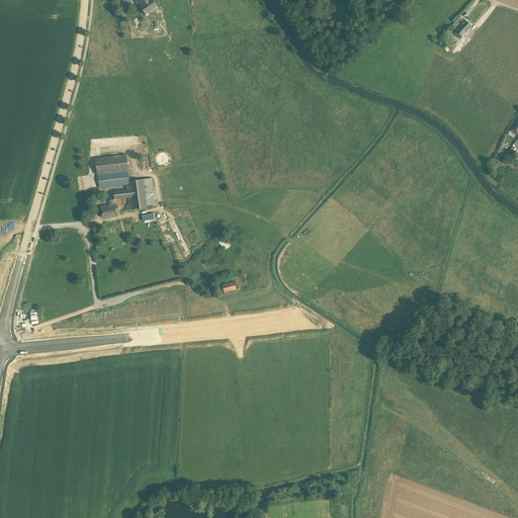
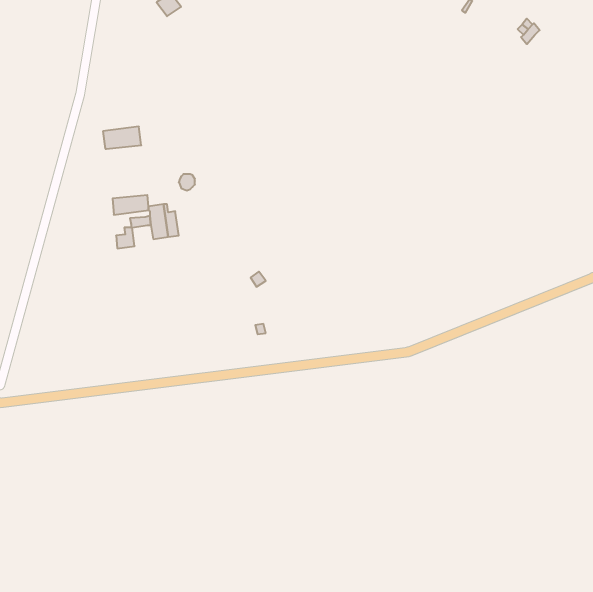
building: [95,154,128,173] -> [103,127,141,149]

